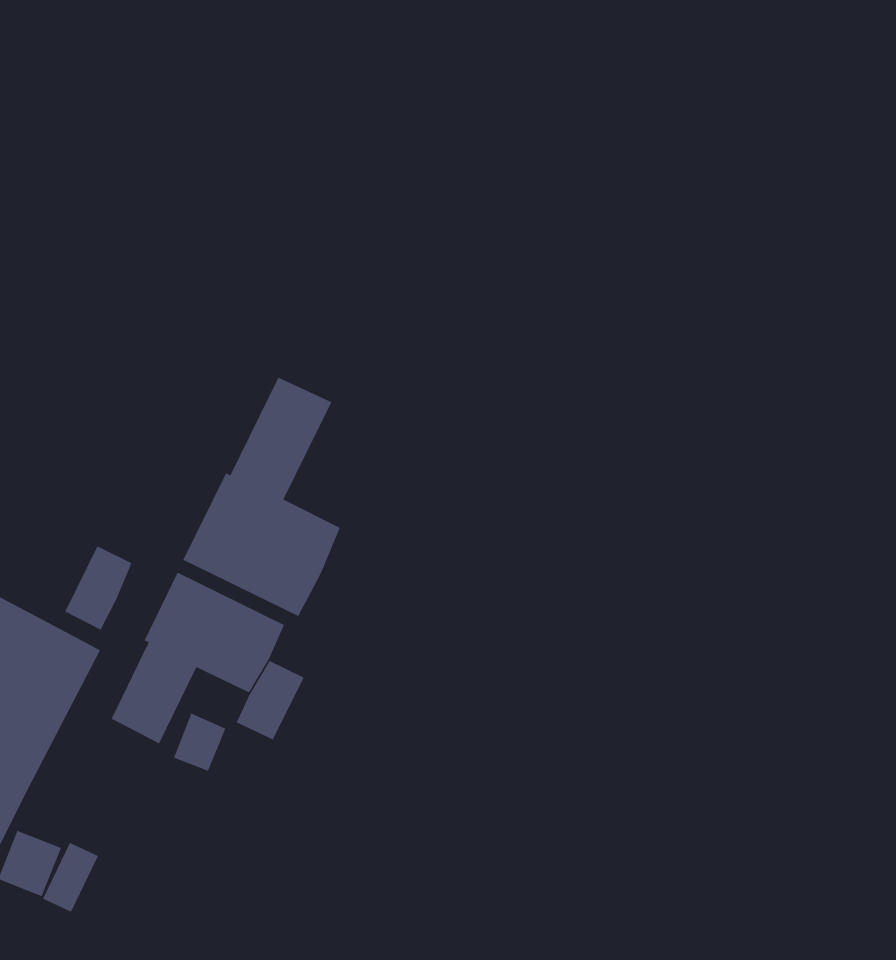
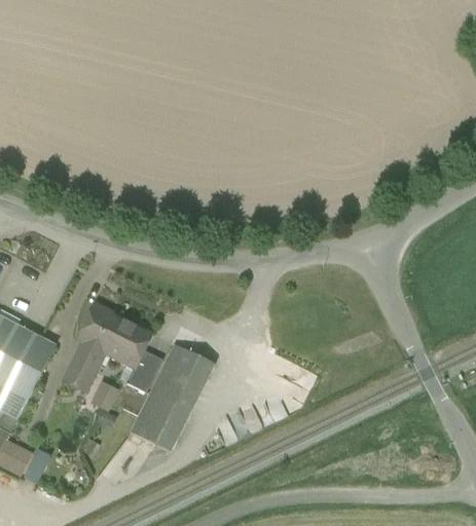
building: [183,377,341,617] -> none
building: [65,546,132,630] -> none
building: none -> [129,342,214,452]

